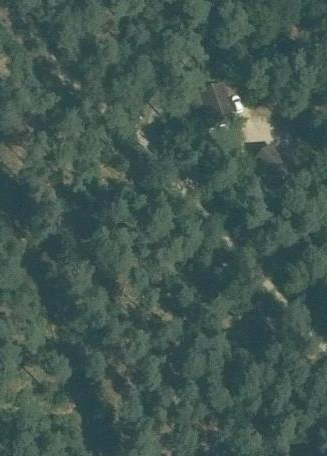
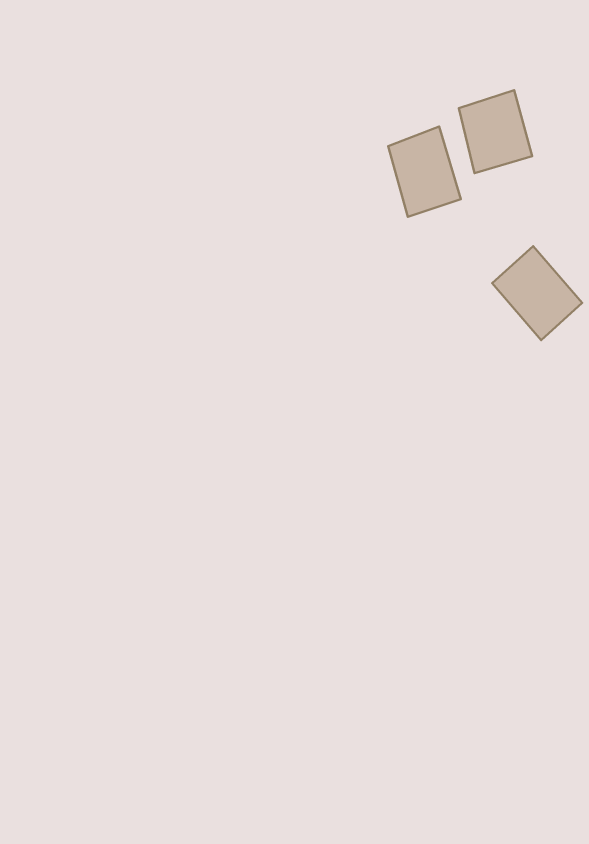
building: none -> [459,90,532,173]

